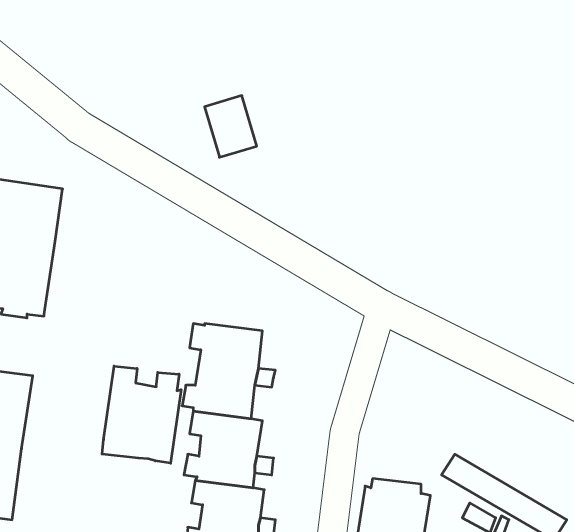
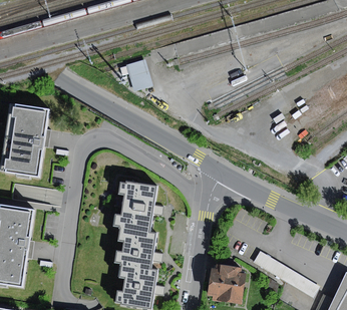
building: [102,366,181,463] -> none

